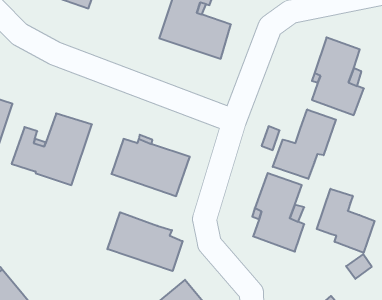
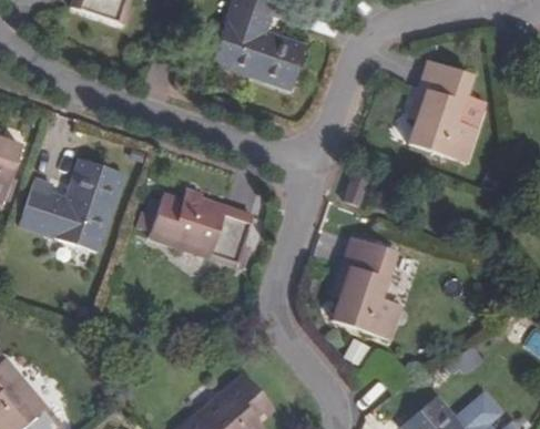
building: [273,109,336,179] -> none
building: [317,189,375,253] -> none
building: [107,212,183,271] -> none

